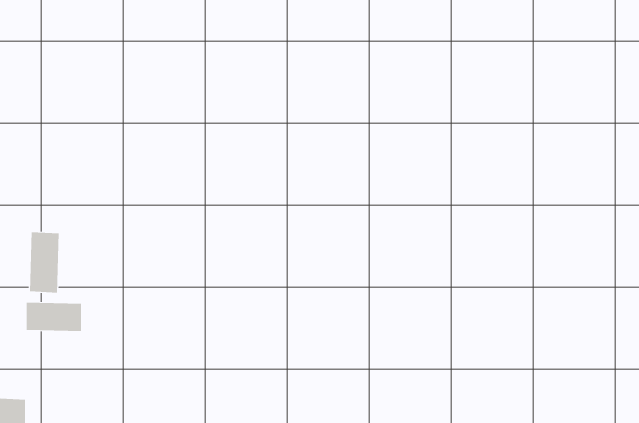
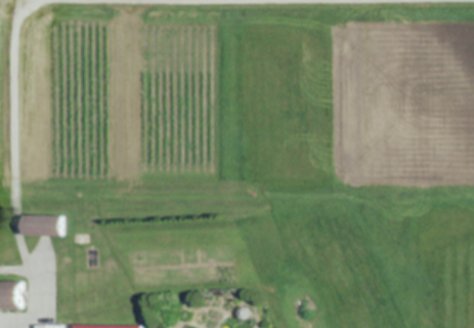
building: [30,231,59,293] -> none

